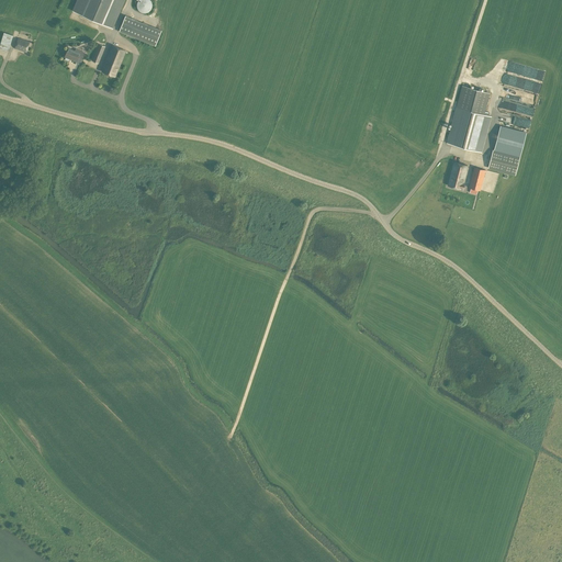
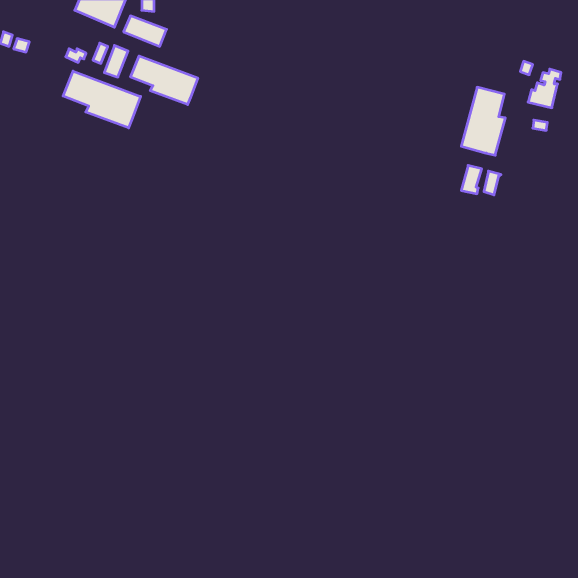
building: none -> [131,56,198,105]
building: none -> [63,71,141,128]
building: [487,125,526,173] -> none

